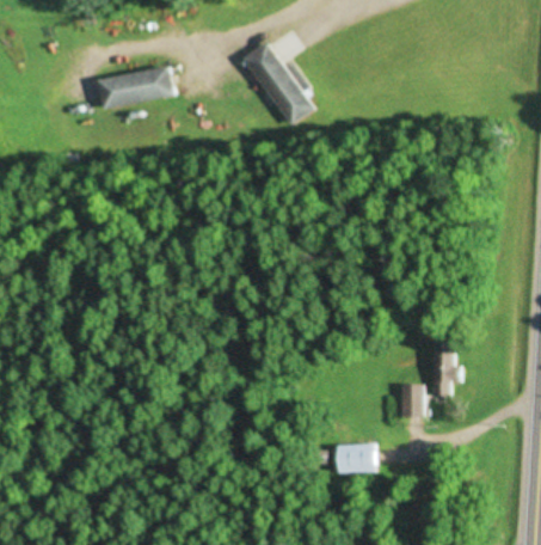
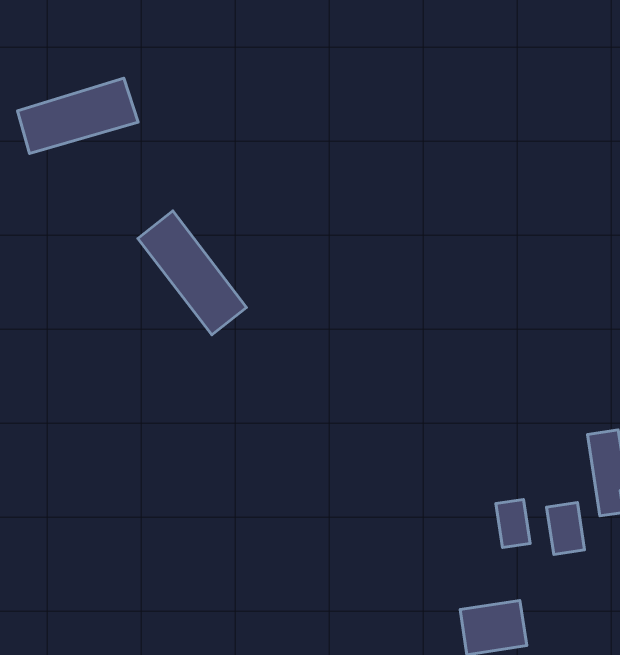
building: [247,42,311,125] -> [138,211,247,335]
building: none -> [496,499,530,548]

